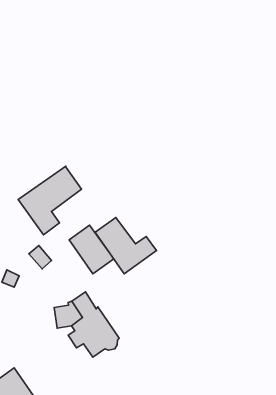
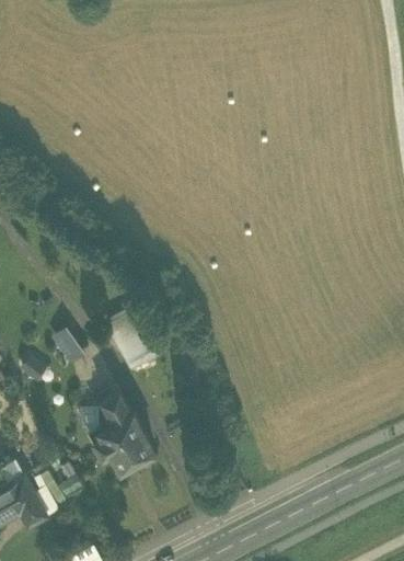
building: [18,166,81,235] -> none
building: [95,217,157,274] -> none

